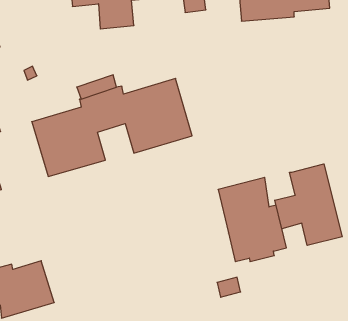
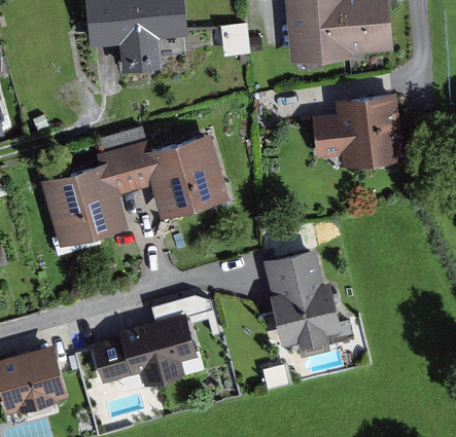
building: none -> [312,94,406,170]
building: [275,164,342,245] -> none
building: none -> [89,309,200,389]

